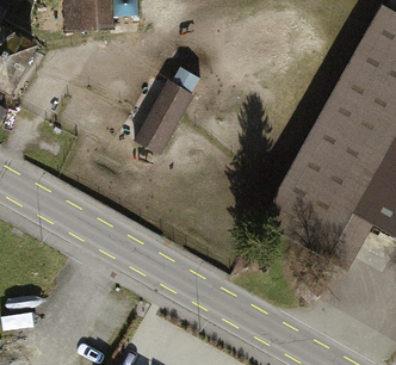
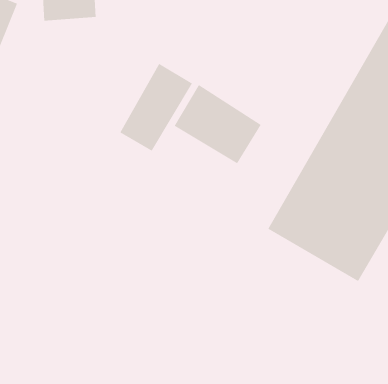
building: none -> [174,84,261,164]

